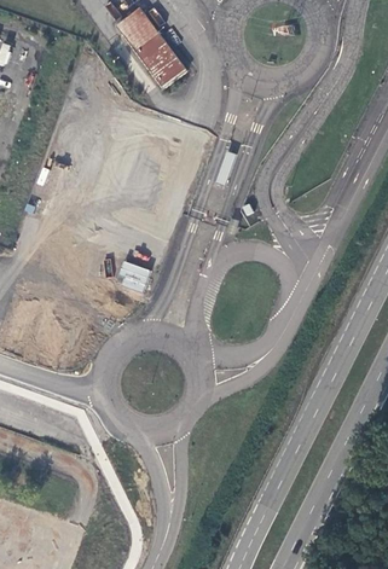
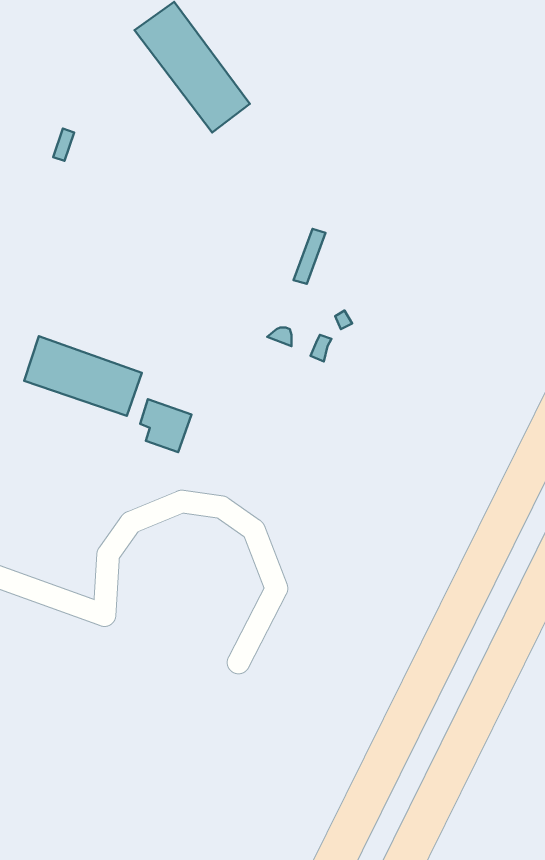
building: none -> [24,336,142,416]

